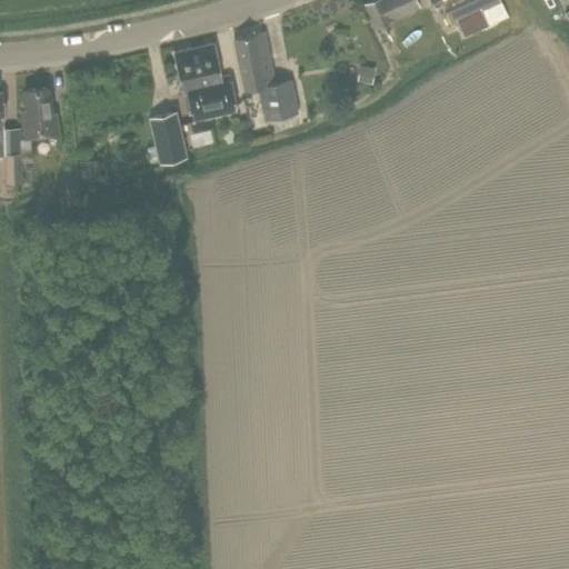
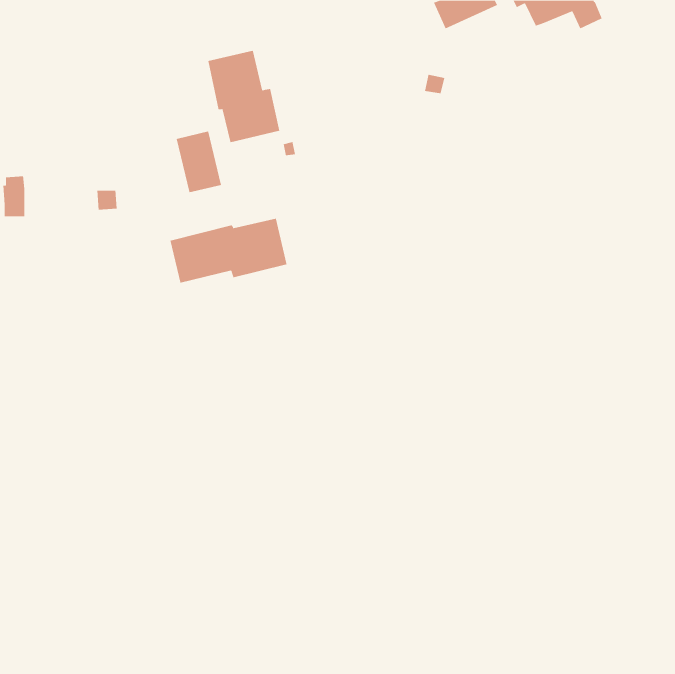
building: [233,31,297,120] -> none
building: [22,88,58,139] -> none
building: none -> [170,218,287,283]

